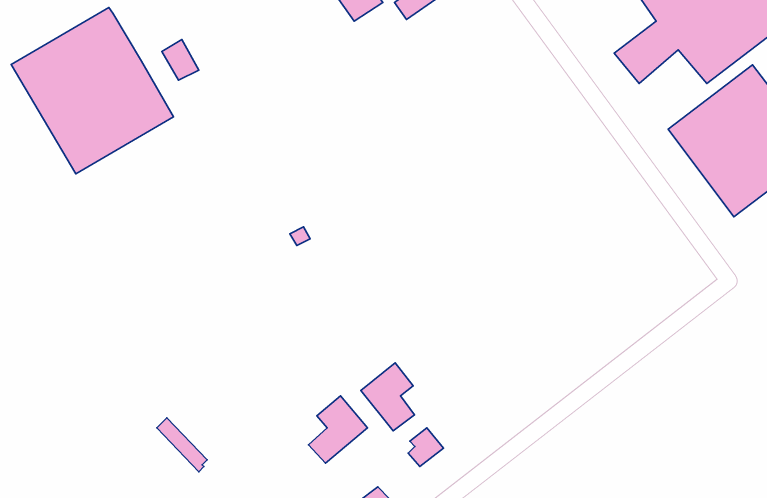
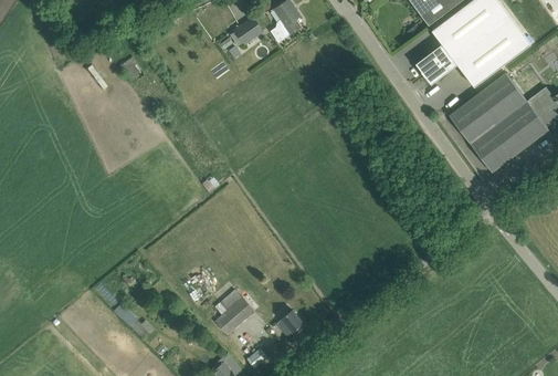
building: [11,7,174,174] -> none
building: [361,363,414,431] -> none

